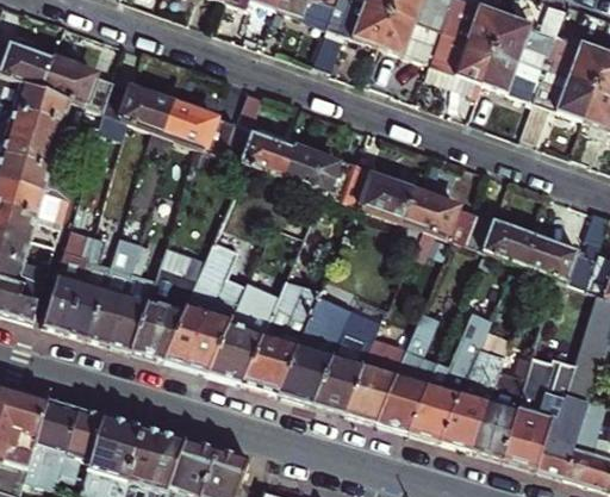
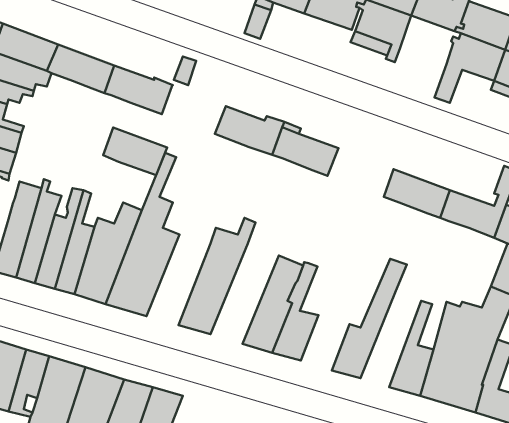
building: [481,48,547,100] -> none
building: [224,124,293,175] -> [103,128,167,175]
building: [403,191,474,243] -> none
building: [207,280,276,381] -> none
building: [276,293,350,402] -> none
building: [374,335,429,430] -> none
building: [438,344,505,448] -> none

